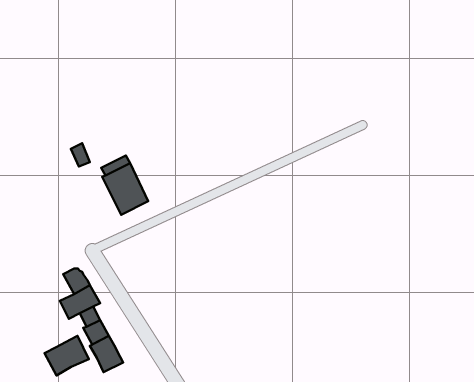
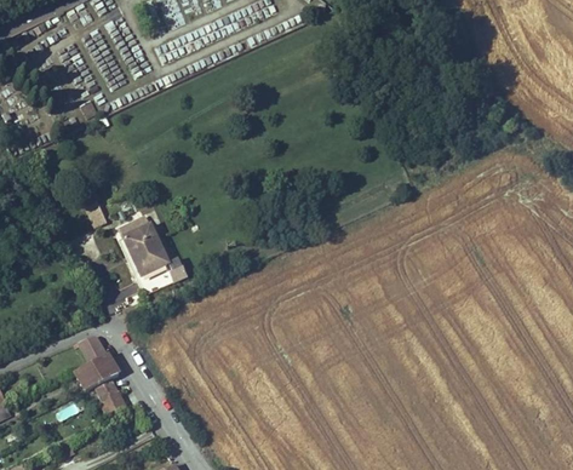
building: [45,336,89,376] -> none
building: [90,336,123,372] -> none

